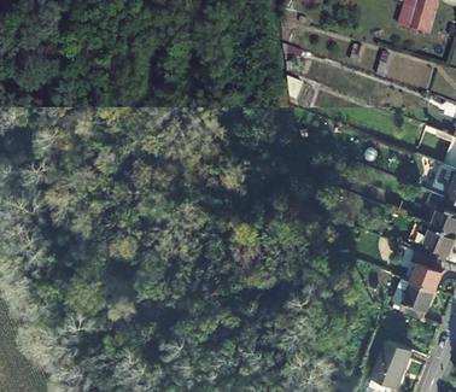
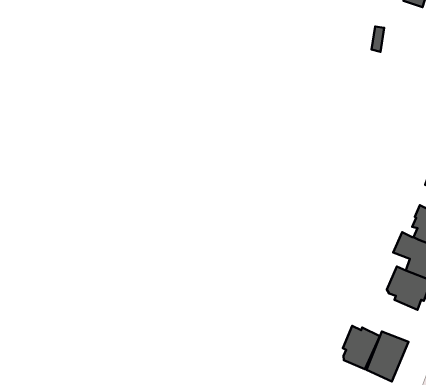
building: none -> [343,326,380,369]

